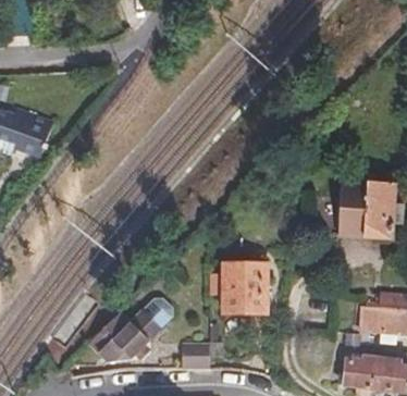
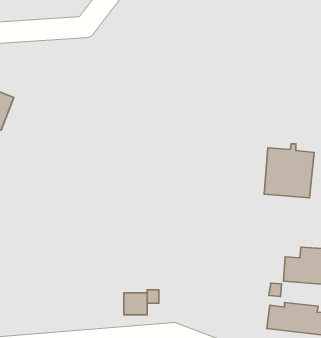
building: [219,261,263,312] -> none
building: [94,309,160,366] -> none

